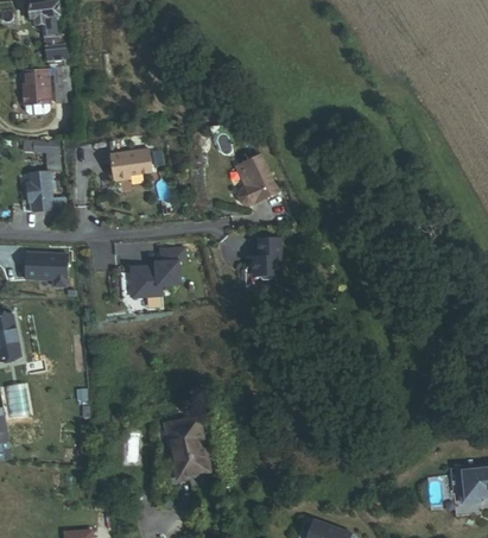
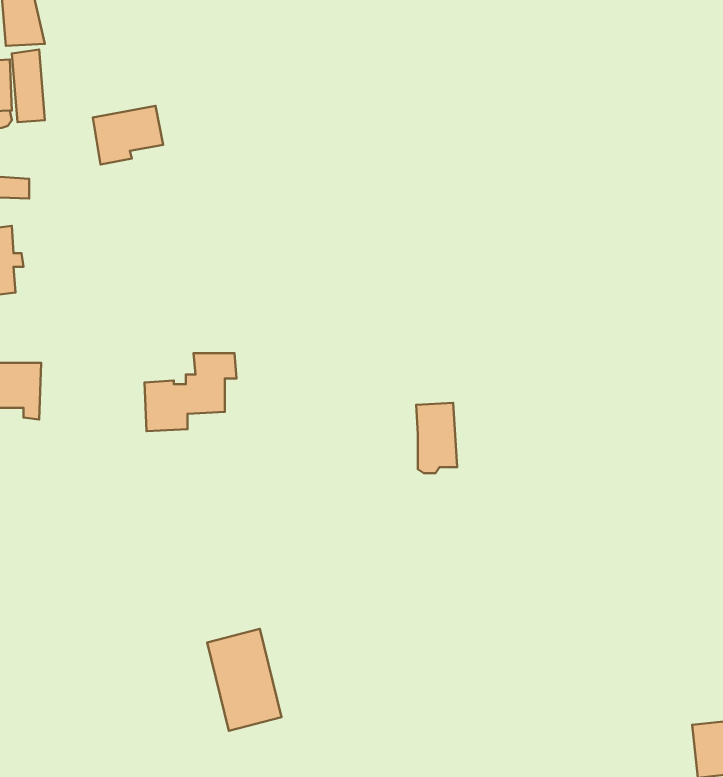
building: [109,148,152,184] -> [93,106,163,164]
building: [236,156,279,207] -> none
building: [256,240,281,283] -> [416,403,457,473]

